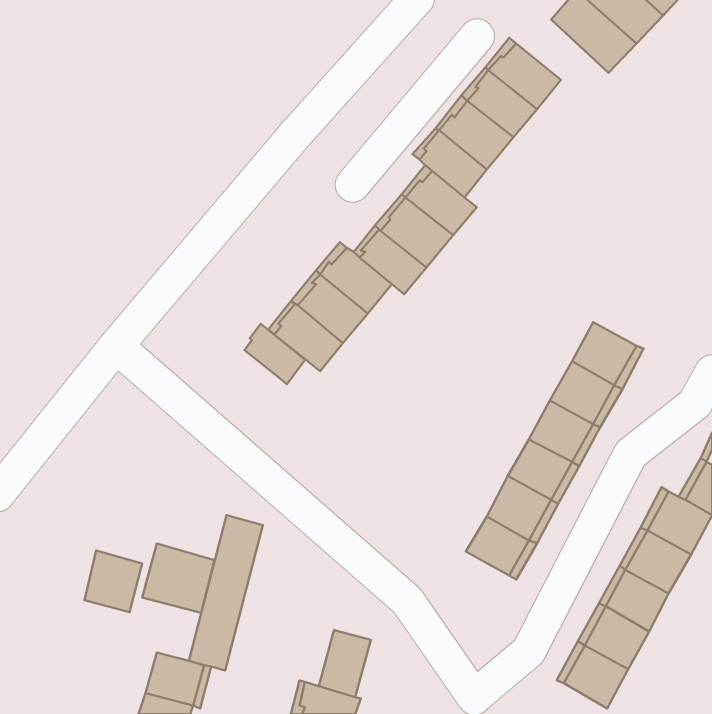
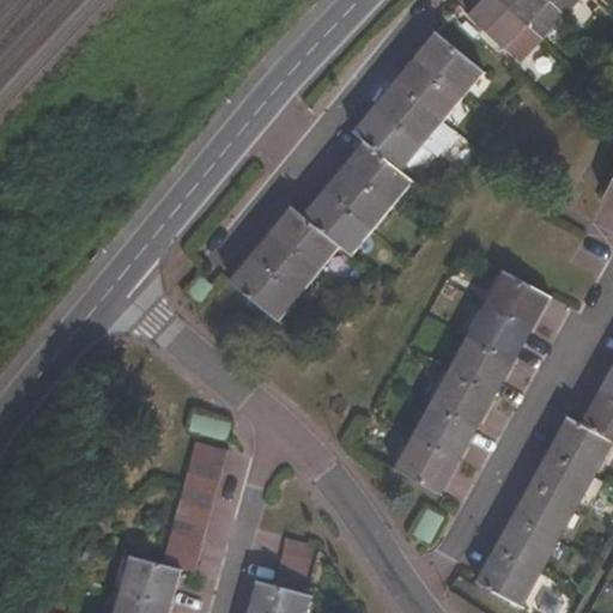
building: [245,324,305,384] -> none
building: [142,543,215,613] -> none
building: [85,550,142,612] -> none

